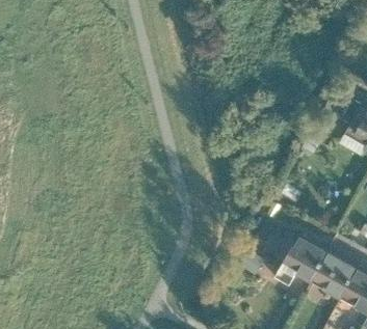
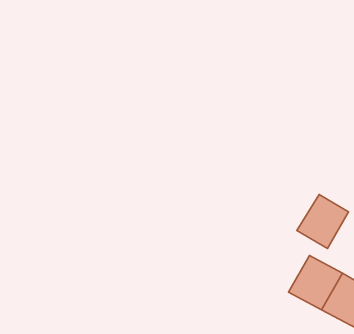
building: none -> [297,194,348,248]

